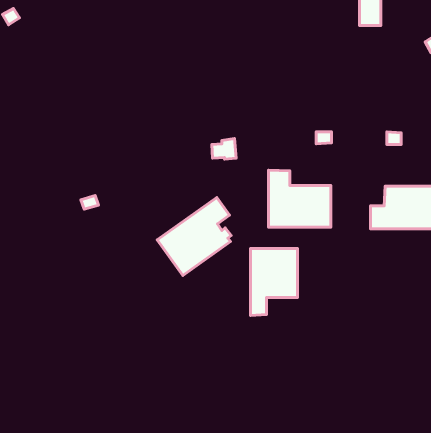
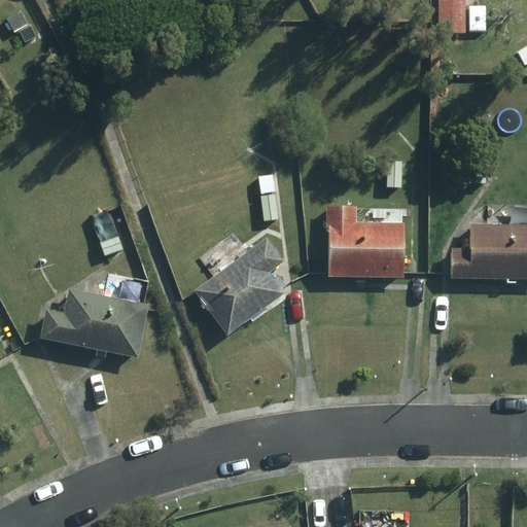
building: none -> [40,290,145,355]
building: [250,248,298,316] -> none

